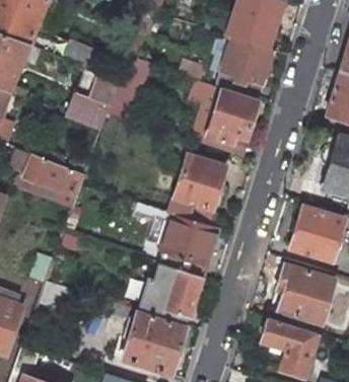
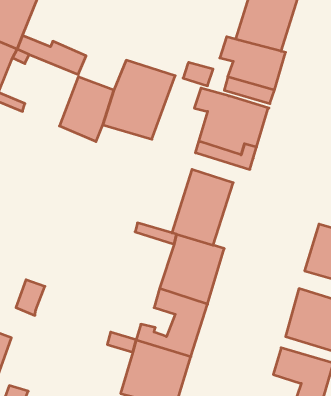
building: [23,155,85,198] -> none

